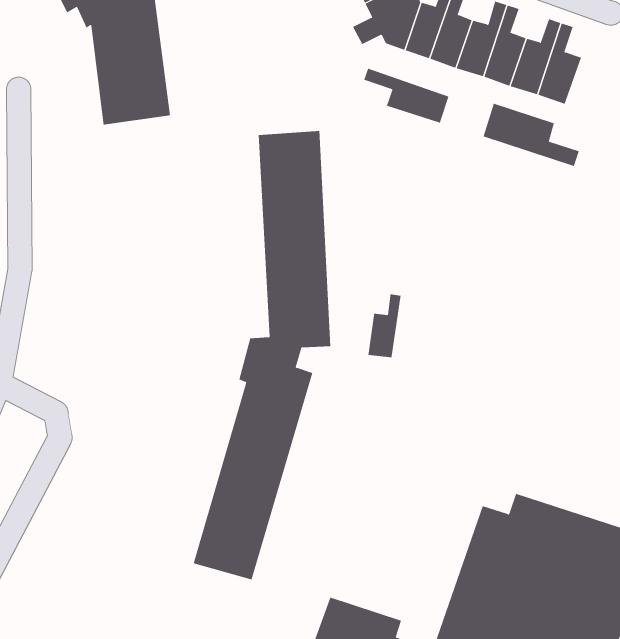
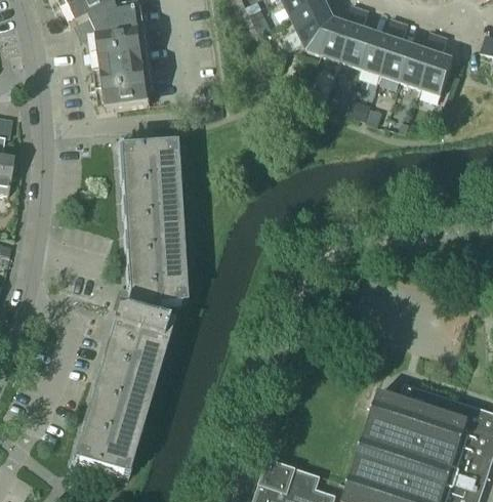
building: [364,68,449,124] -> none
building: [483,103,579,167] -> none
building: [193,131,331,580] -> [77,145,179,478]
building: [368,294,401,358] -> none

